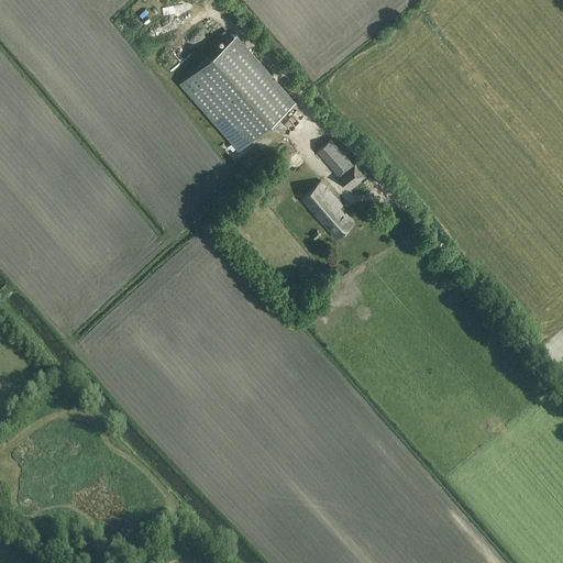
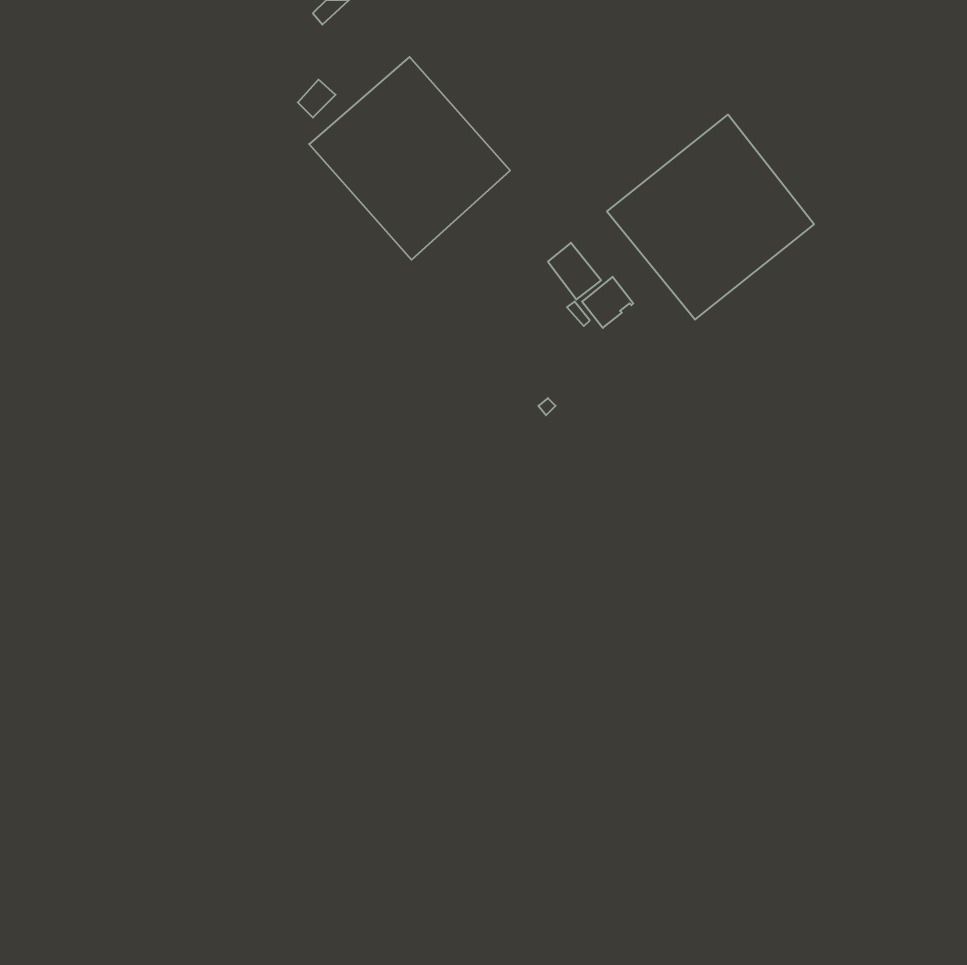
building: none -> [607,115,814,320]
building: [301,183,354,241] -> none

